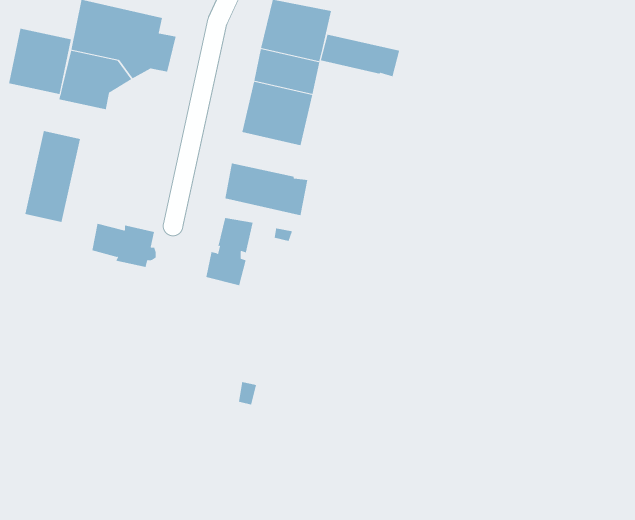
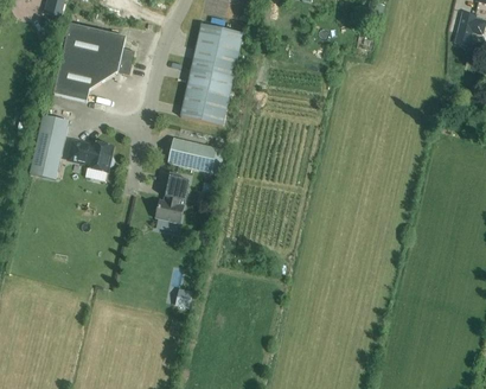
building: [8,28,72,95] -> none
building: [320,34,400,77] -> none
building: [92,223,156,268] -> [69,140,114,171]

